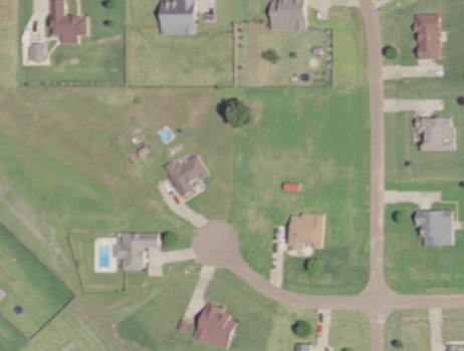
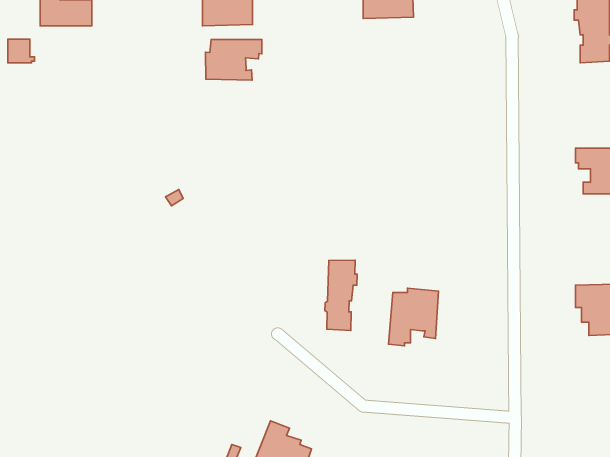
building: none -> [206,40,262,80]
building: [164,154,207,197] -> none
building: none -> [325,260,357,331]
building: [112,234,157,269] -> none

